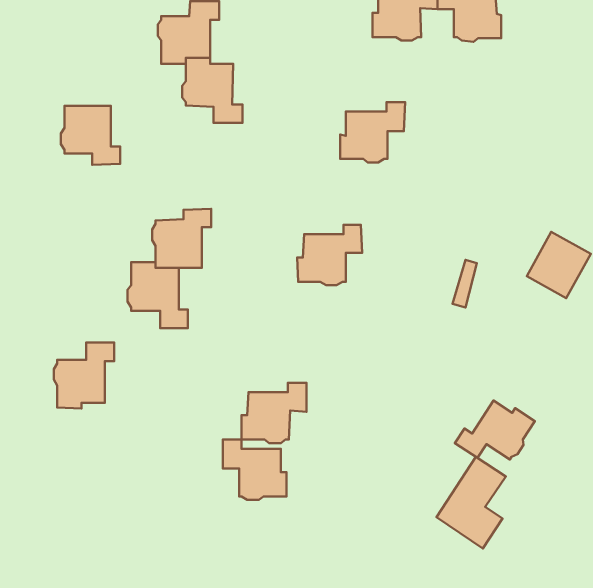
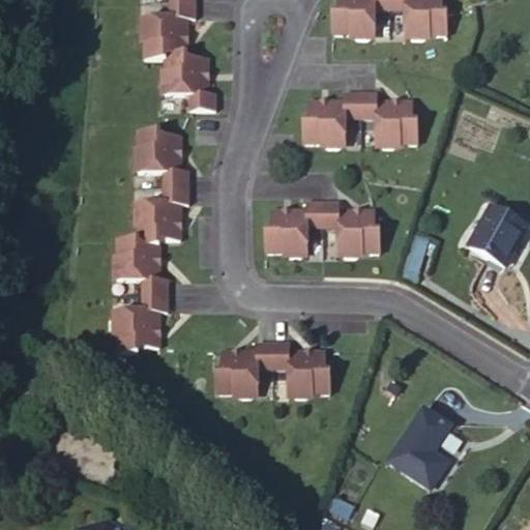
building: none -> [360,91,418,146]
building: [61,106,120,165] -> [136,135,188,187]
building: none -> [322,201,380,255]
building: [54,342,114,409] -> [114,293,168,352]
building: [455,401,535,460] -> none
building: [223,440,287,500] -> [273,342,330,395]

